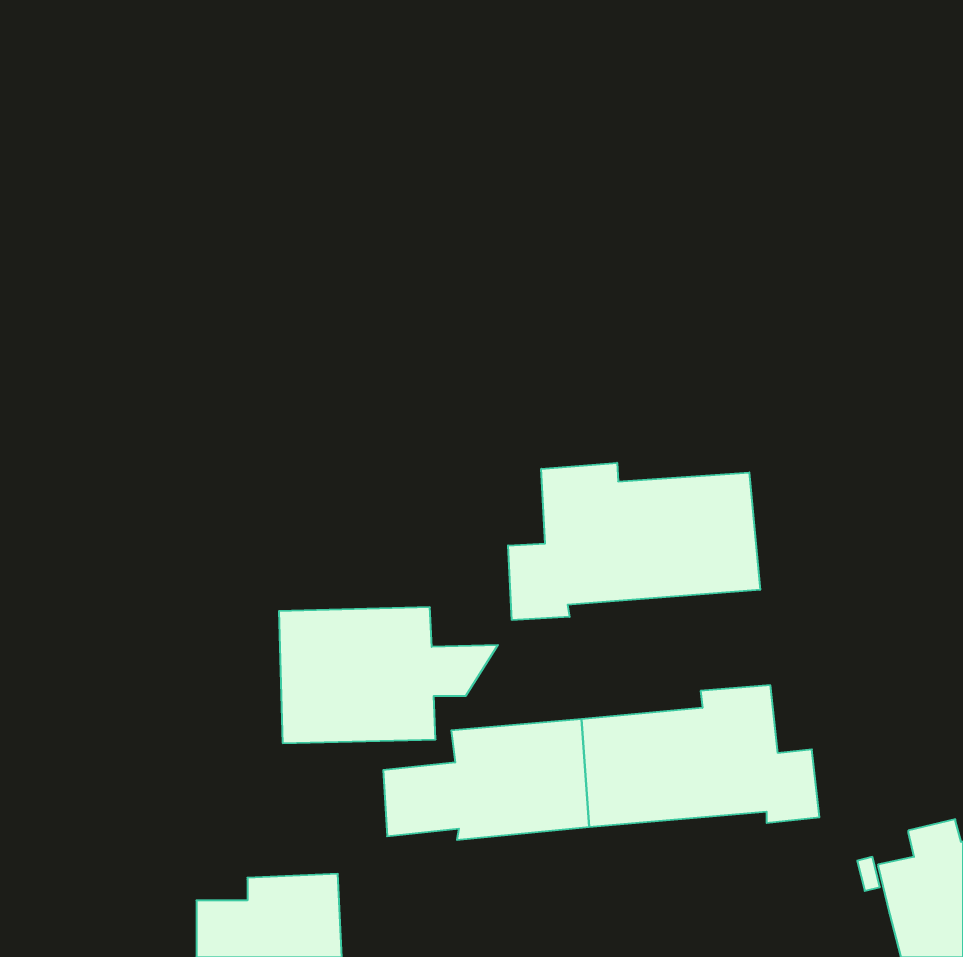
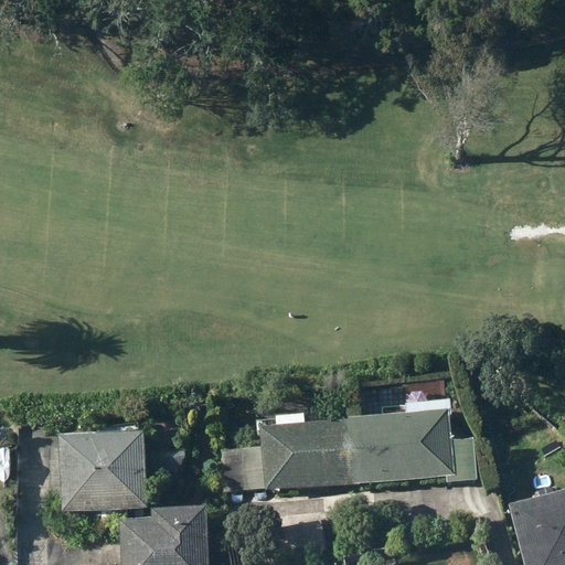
building: [508,463,760,620] -> none
building: [279,607,498,743] -> [60,431,188,511]

